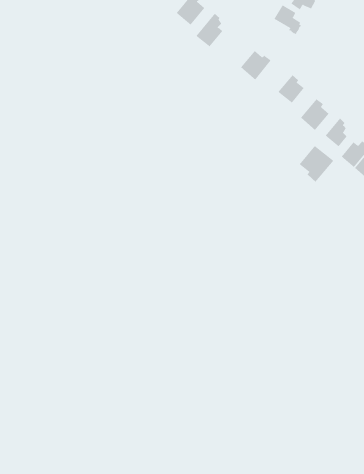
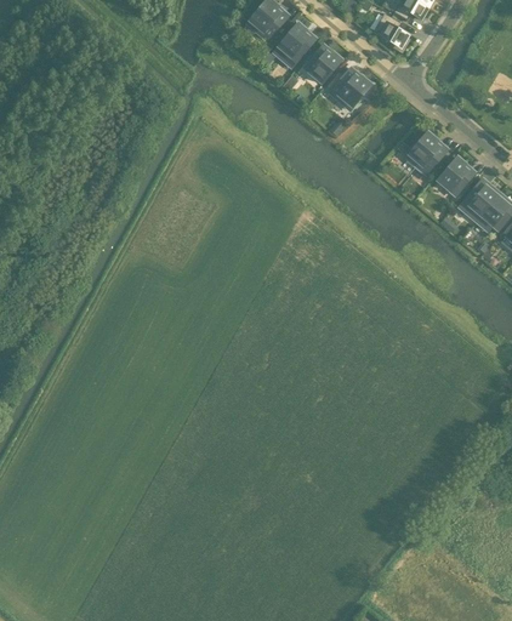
building: none -> [305,52,342,81]
building: [277,74,305,103] -> none
building: [299,145,334,182] -> none

